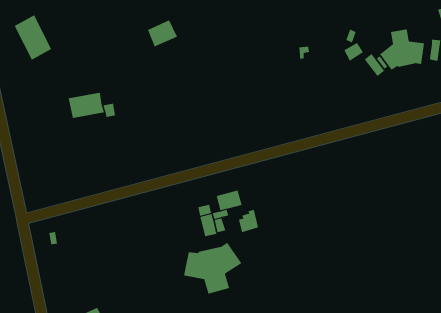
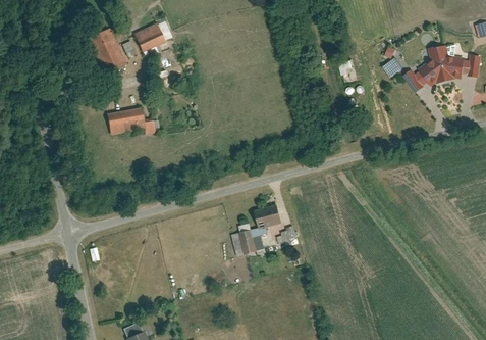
building: [14,14,52,60] -> [89,29,126,75]
building: [147,20,178,47] -> [134,23,165,51]
building: [183,242,242,295] -> none

